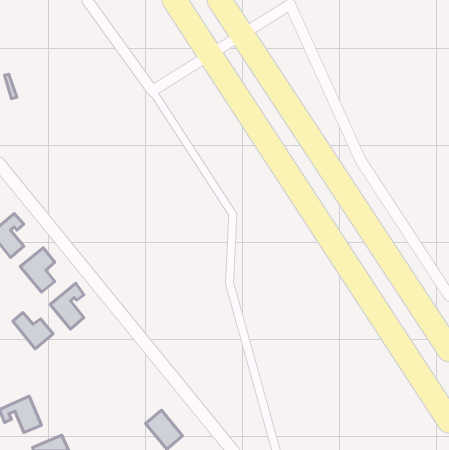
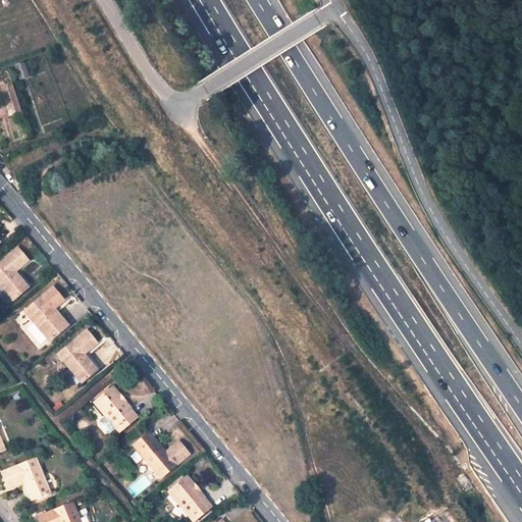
building: [13,312,53,349] -> none
building: none -> [94,385,138,431]
building: none -> [133,431,188,476]

